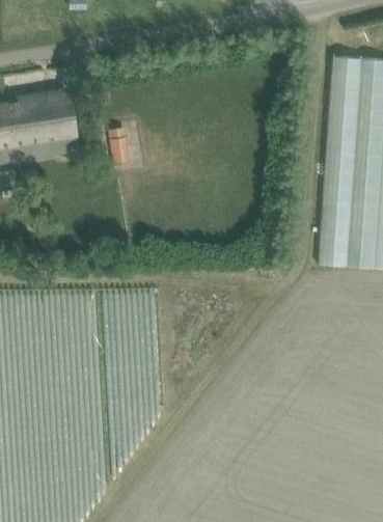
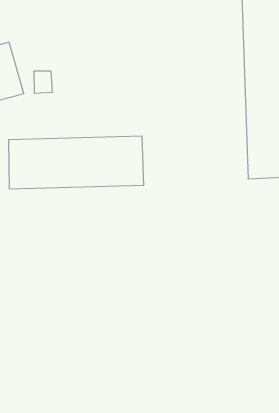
building: none -> [9,136,144,189]

